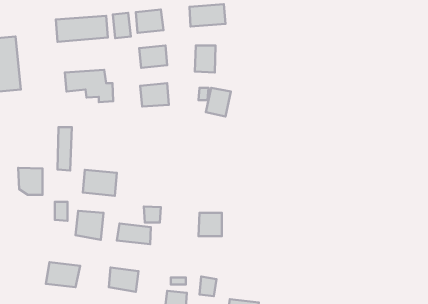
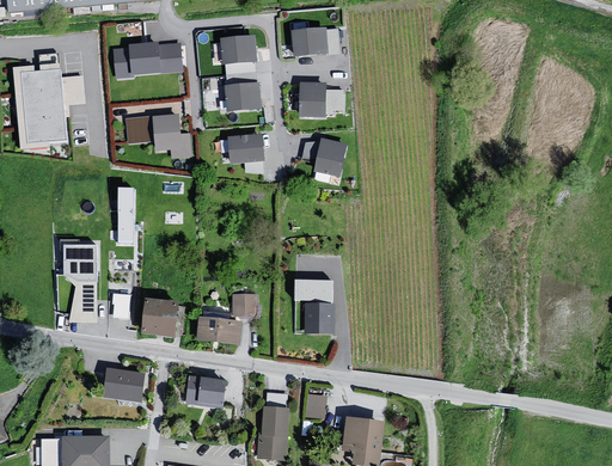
building: [113,13,131,38] -> none
building: [83,170,117,196] -> none
building: none -> [294,277,333,299]

